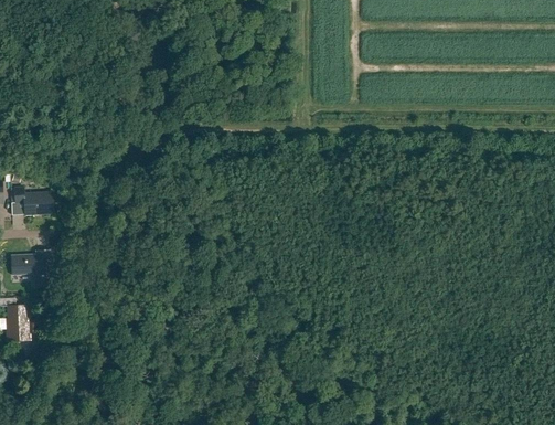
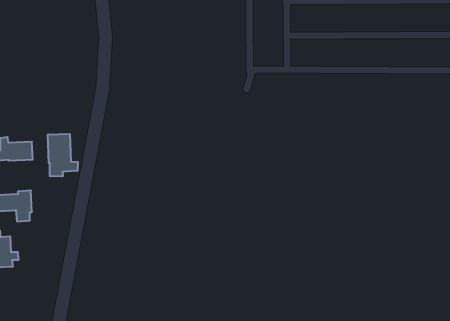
building: none -> [48,134,78,176]

